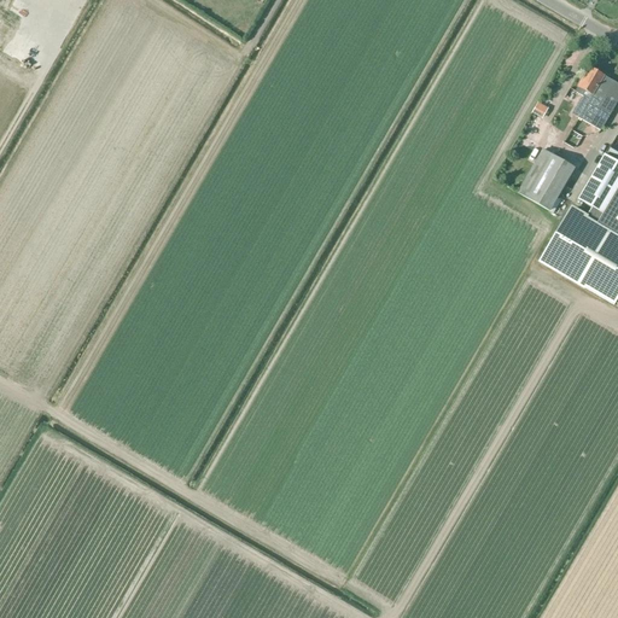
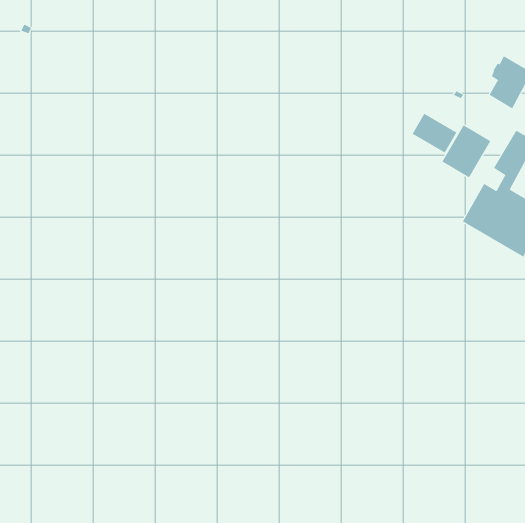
building: none -> [412,113,457,154]

